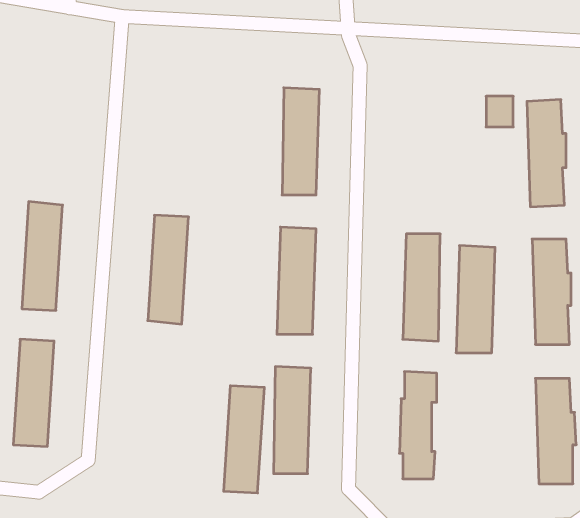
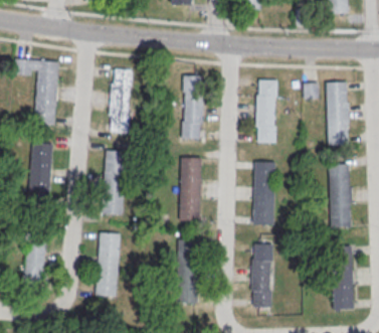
building: none -> [34,61,59,125]
building: none -> [109,69,134,134]
building: [456,246,495,353] -> [255,79,278,143]
building: [224,386,264,493] -> [97,232,121,296]

